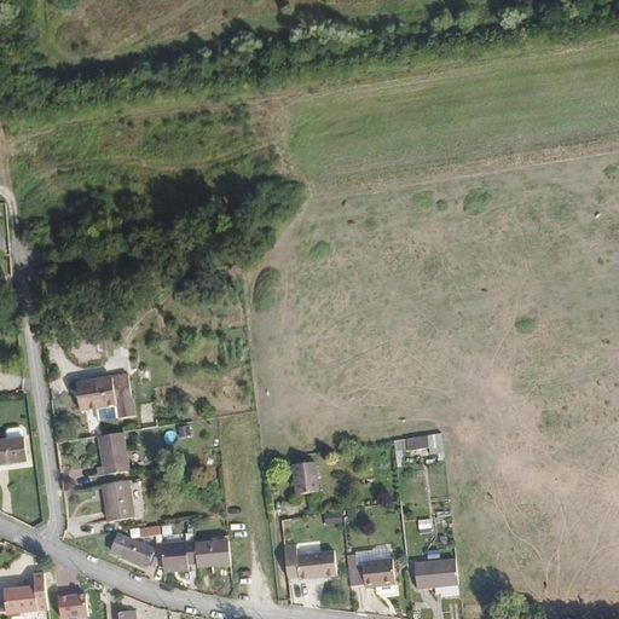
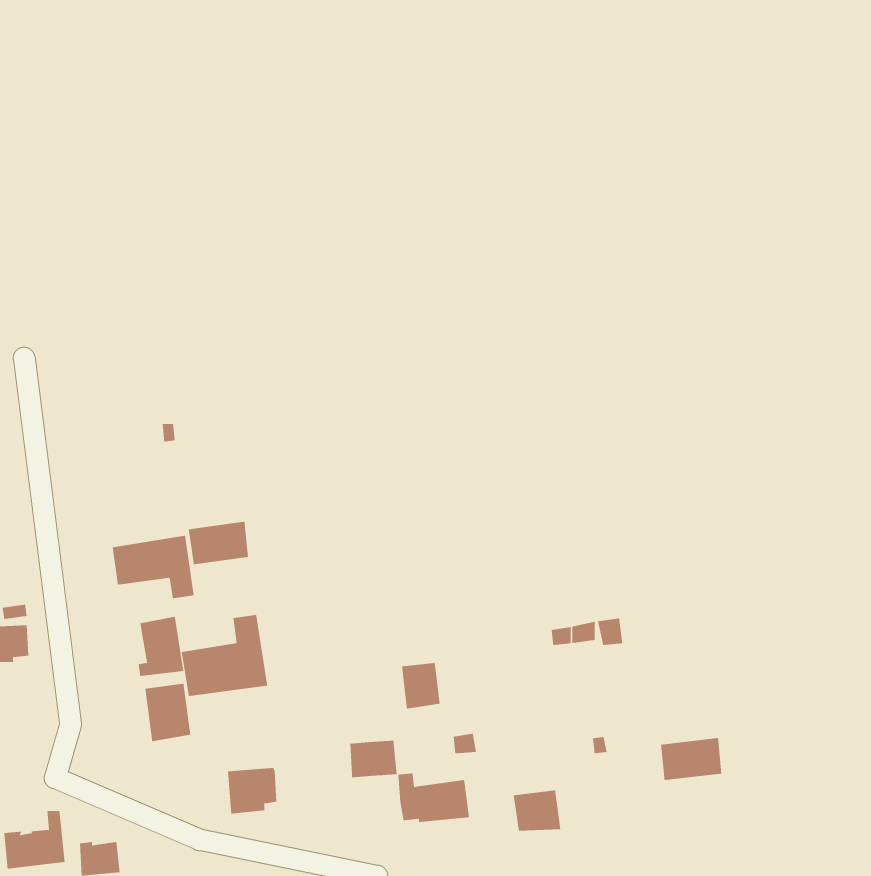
building: none -> [188,521,248,565]
building: none -> [181,614,268,697]
building: [110,525,158,565] -> none
building: [193,539,227,566] -> [349,740,398,778]
building: [410,557,453,588] -> [660,738,722,781]

